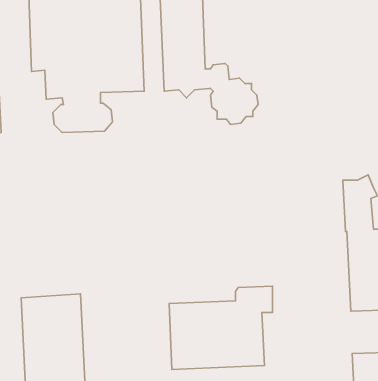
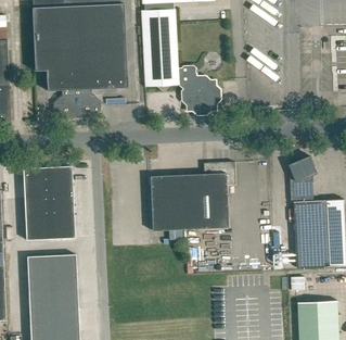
building: none -> [24,165,76,239]
building: [169,286,273,370] -> [150,161,234,229]

